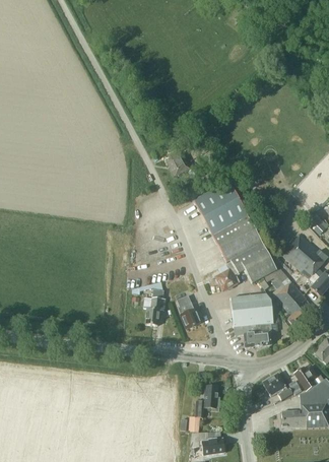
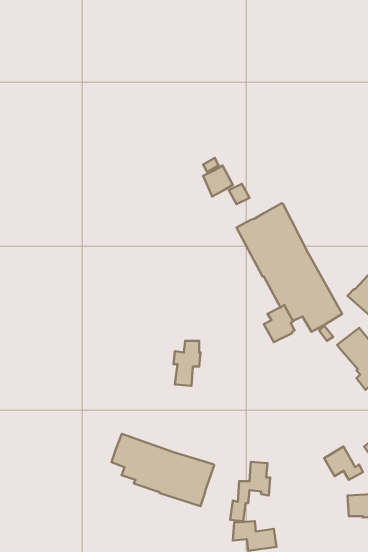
building: [231,293,274,347] -> none
building: [178,294,201,328] -> none
building: none -> [111,434,214,506]

